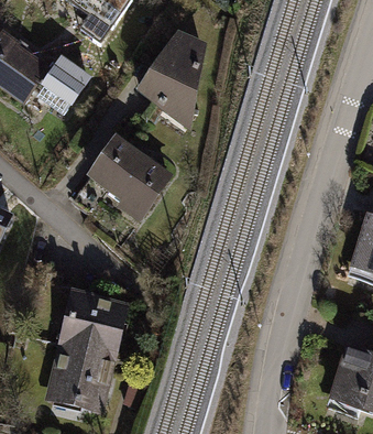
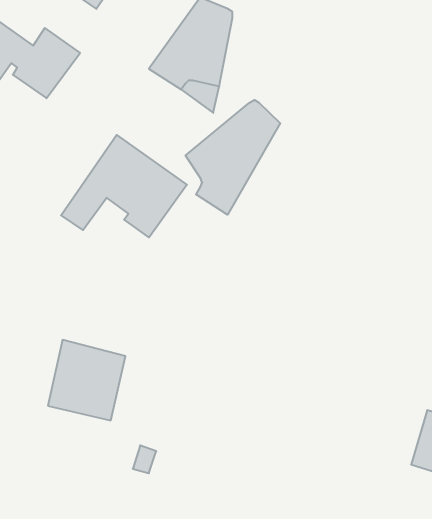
building: none -> [186,100,280,215]
building: [50,344,110,406] -> none

